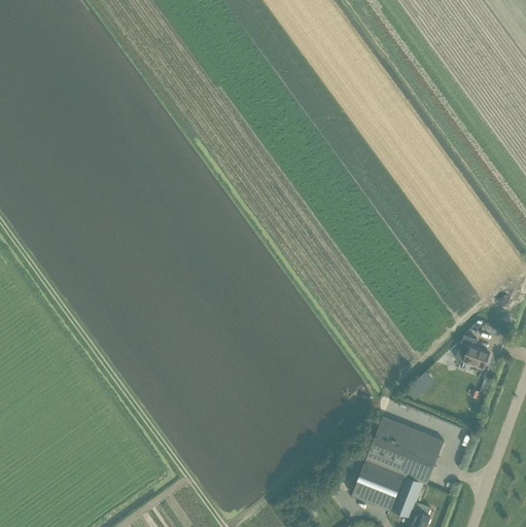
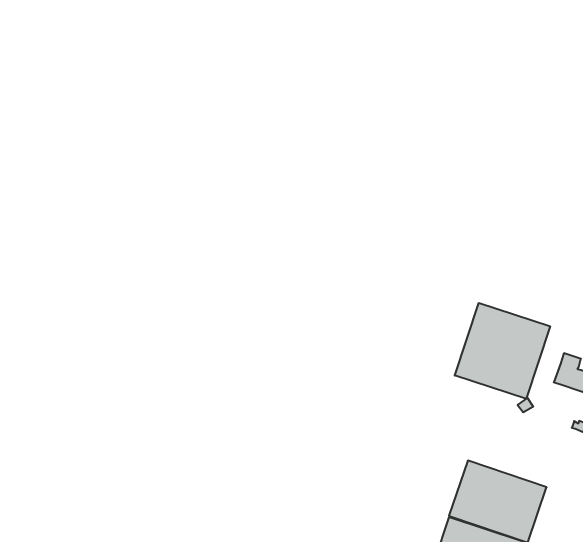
building: none -> [455,303,550,399]

